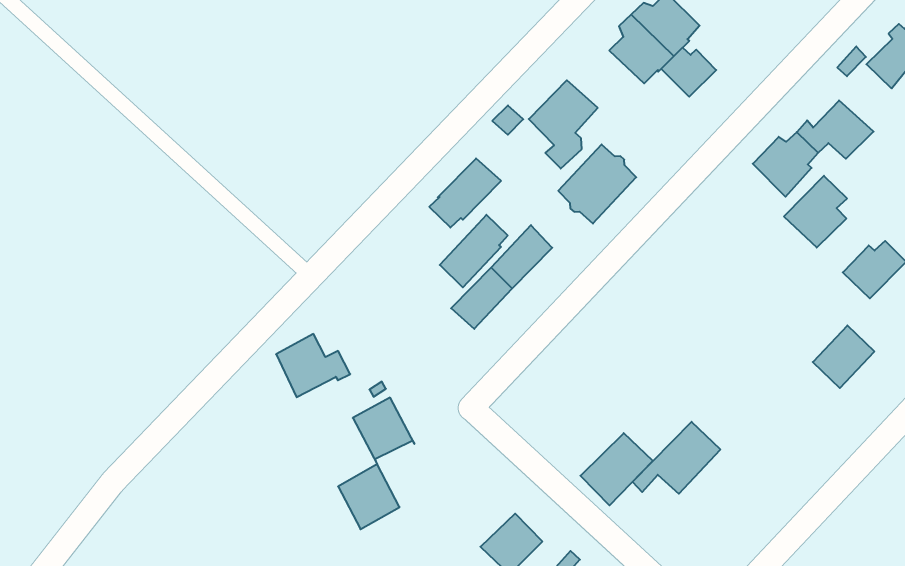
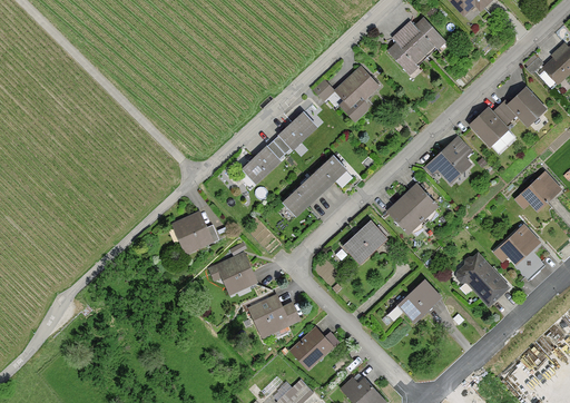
building: [661,48,716,97] -> none
building: [558,144,636,224] -> [389,185,436,233]
building: [784,176,847,248] -> [432,138,471,181]
building: [440,215,508,287] -> [243,140,285,184]
building: none -> [458,254,509,305]
building: [580,433,653,505] -> [343,220,387,264]
building: [338,464,400,529] -> [252,296,288,335]

